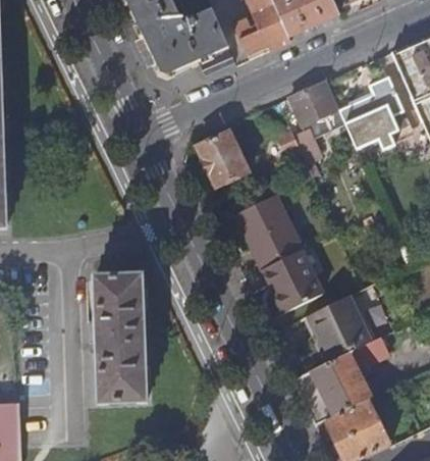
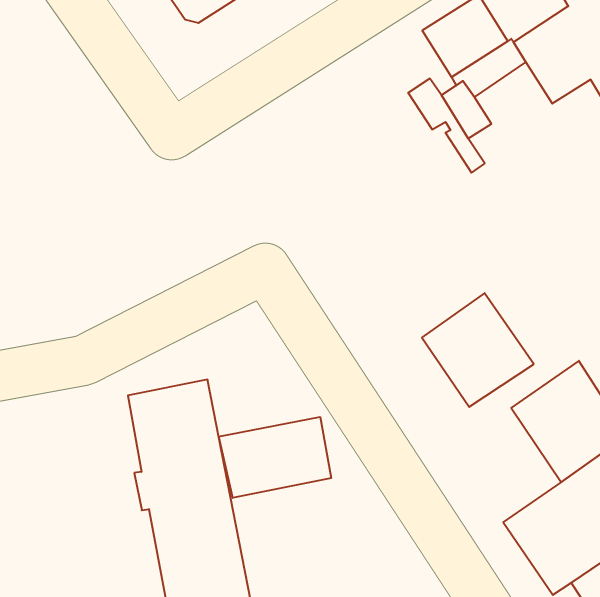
building: [197,131,249,187] -> none
building: [237,196,301,267] -> none
building: none -> [219,417,331,498]

